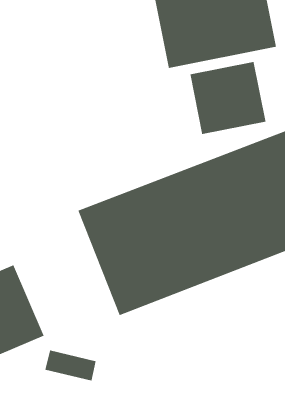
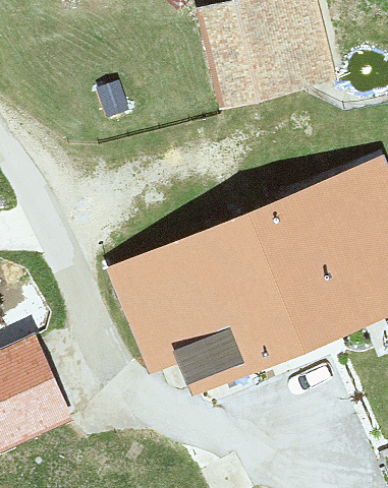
building: [190,61,266,135] -> none

